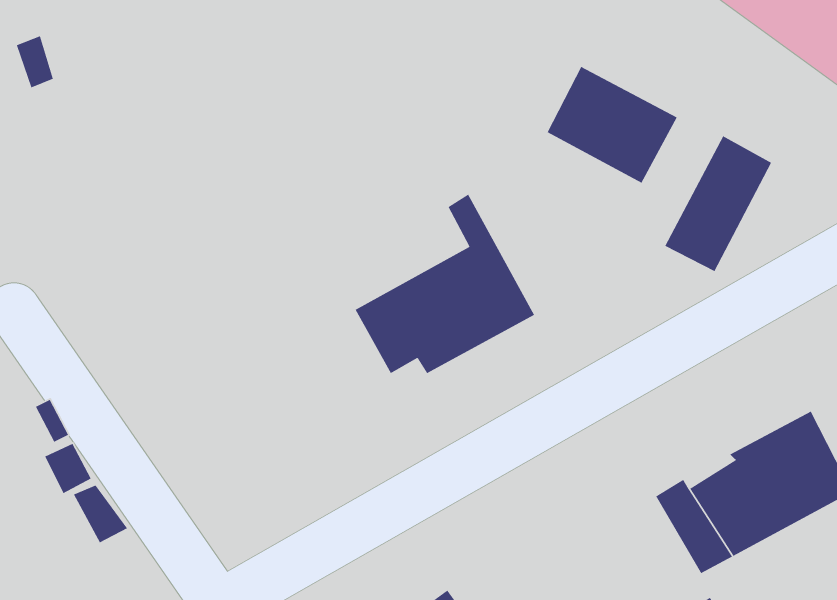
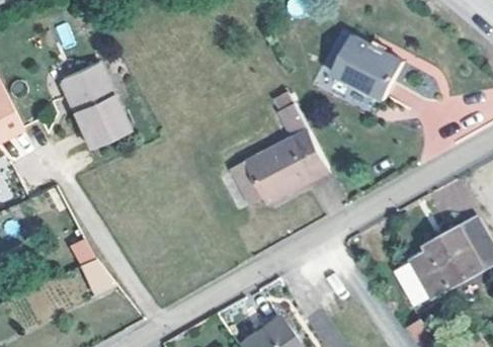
building: none -> [54,60,124,143]
building: [664,135,772,272] -> none

